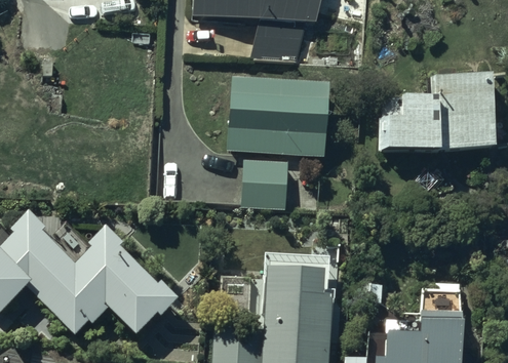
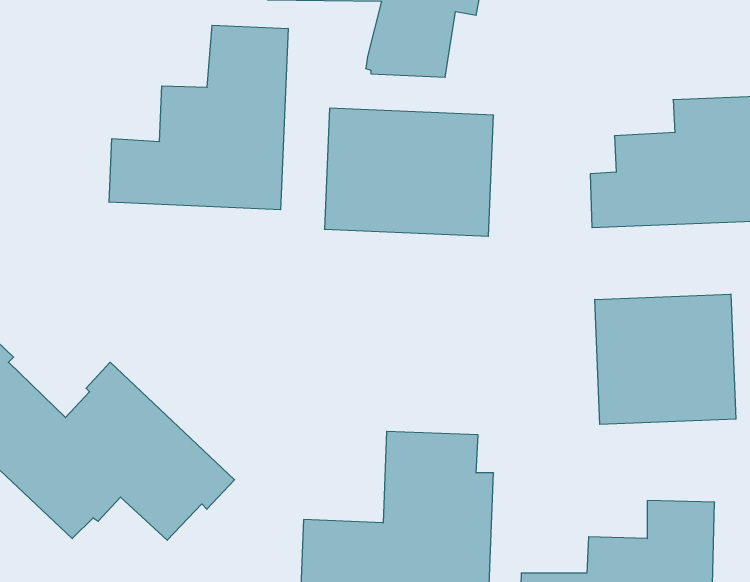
building: none -> [109,25,288,210]
building: [243,157,290,205] -> none
building: none -> [595,294,736,424]

